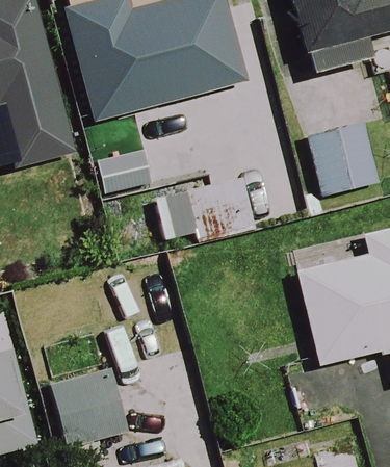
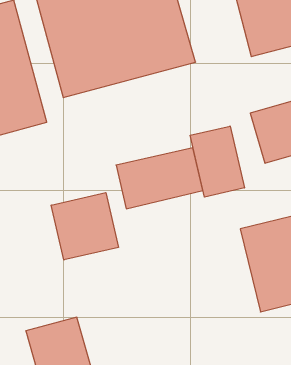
building: none -> [190,126,244,197]
building: none -> [51,193,118,260]

